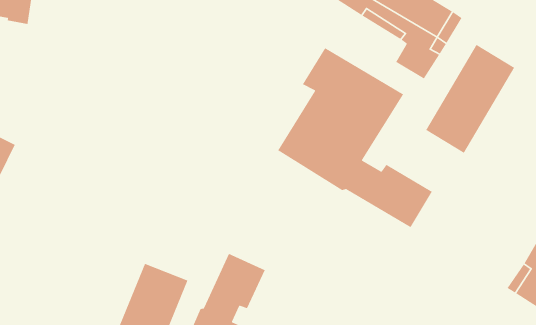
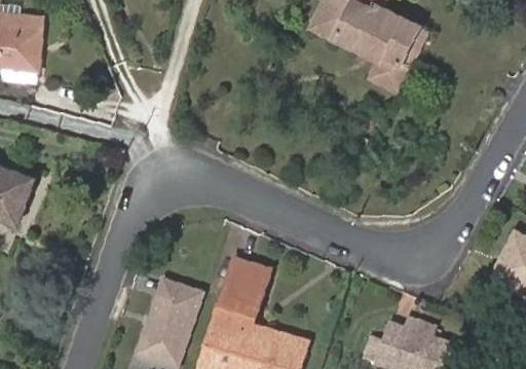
building: [425,44,515,154] -> none
building: [277,47,433,228] -> none

